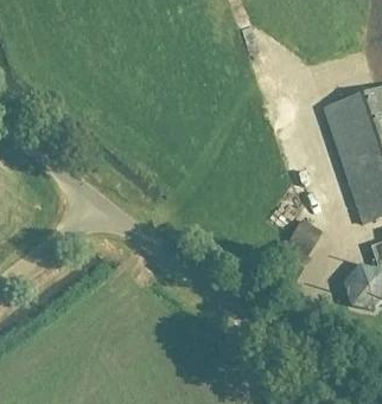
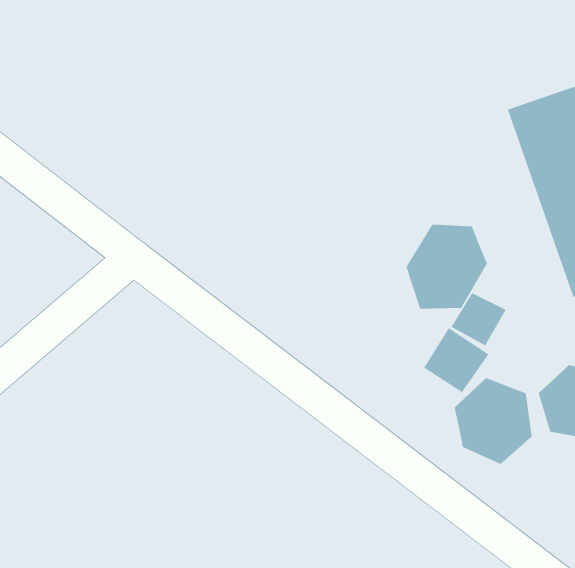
building: none -> [405,224,488,309]
building: none -> [454,377,533,465]

